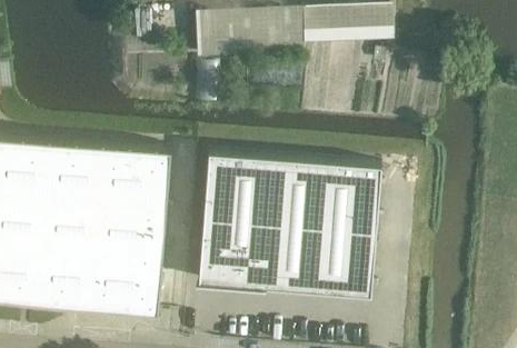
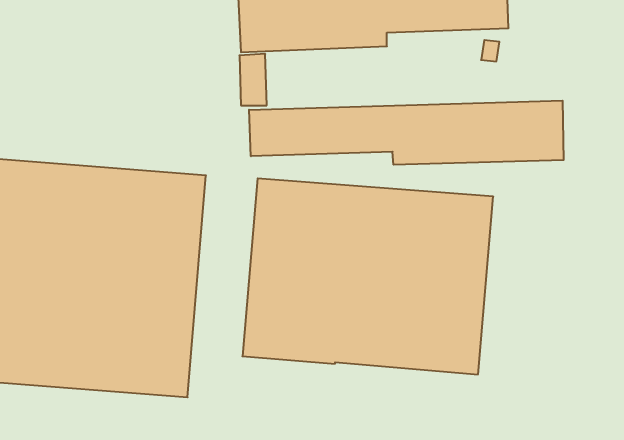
building: none -> [249,101,564,165]

